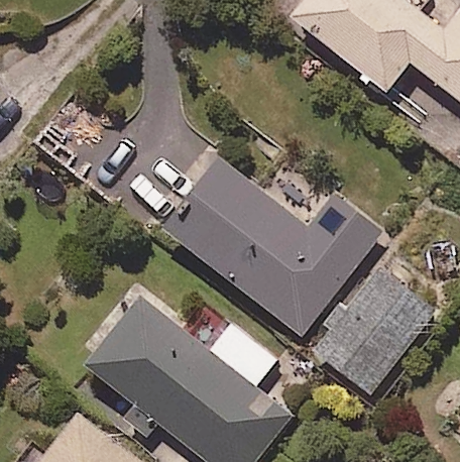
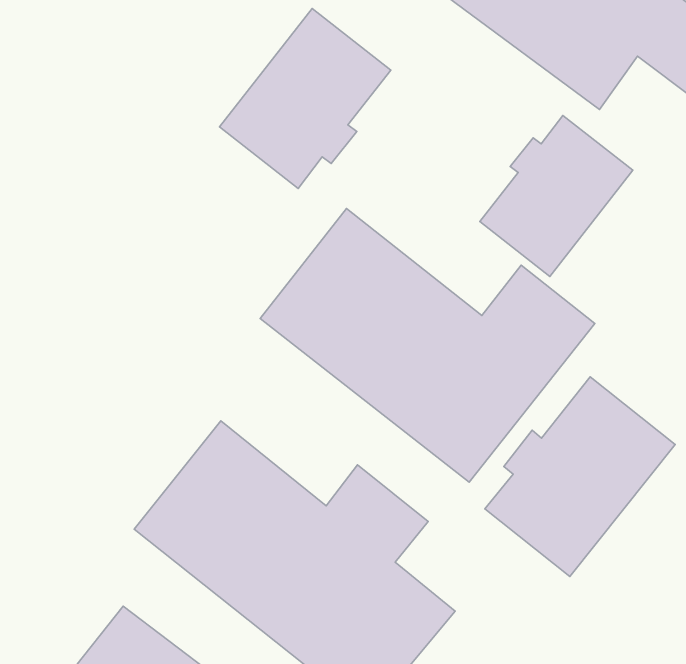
building: none -> [220,9,391,188]
building: none -> [480,115,633,276]

